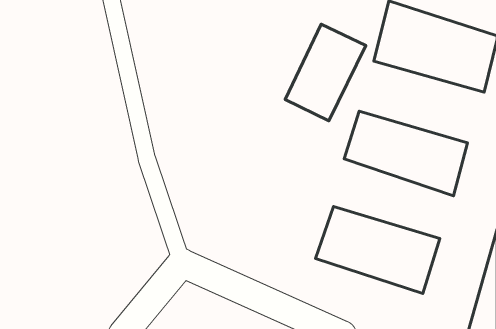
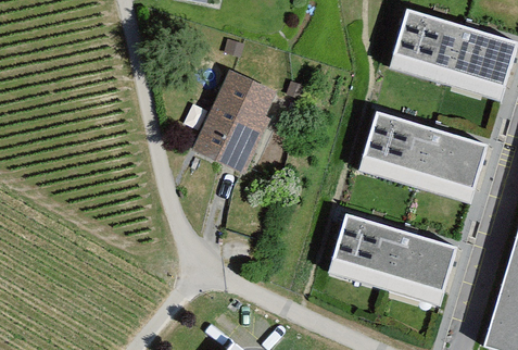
building: [285,24,366,121] -> [189,77,271,176]

